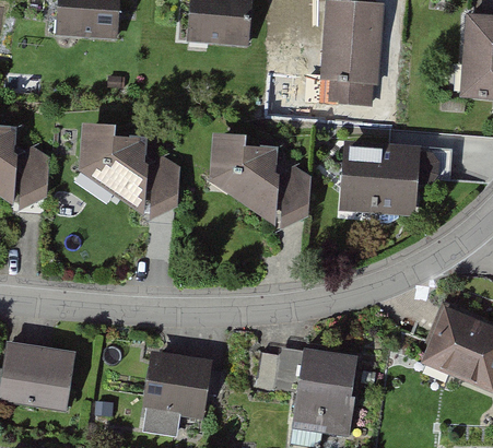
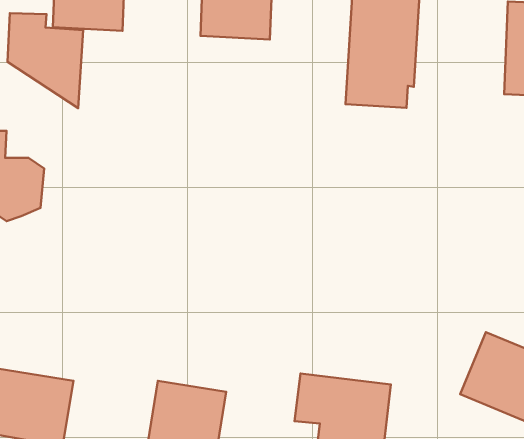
building: [78,129,145,214] -> [8,13,83,108]
building: [210,133,312,229] -> none
building: [342,142,441,213] -> none
building: [148,156,178,221] -> none

